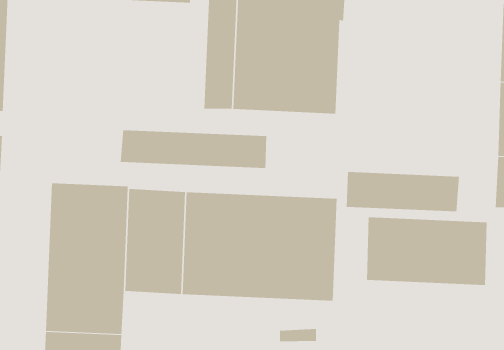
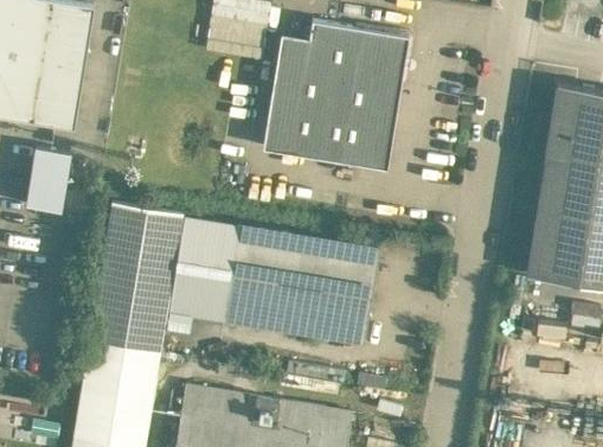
building: [120,130,267,169] -> none
building: [346,171,460,212] -> none
building: [366,217,487,286] -> none

